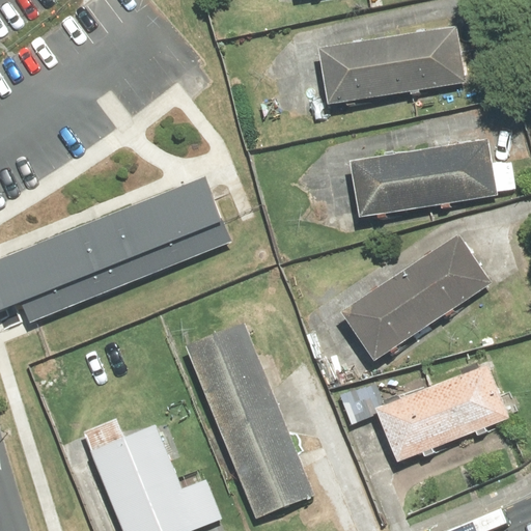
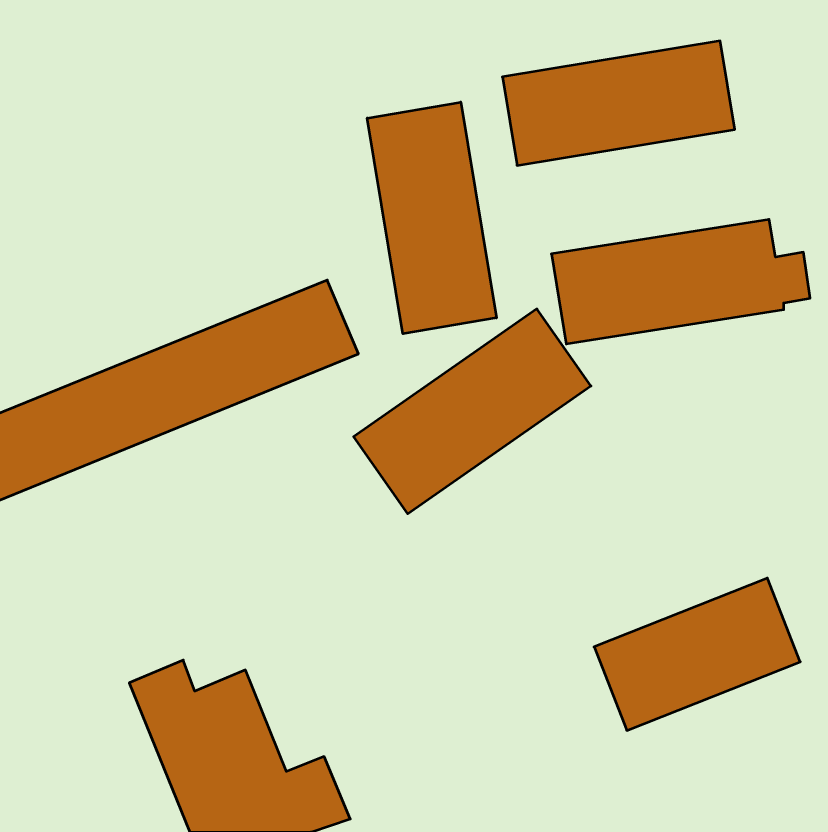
building: none -> [367,102,496,334]
building: [340,232,491,362] -> [354,309,591,514]
building: [184,320,314,520] -> none

